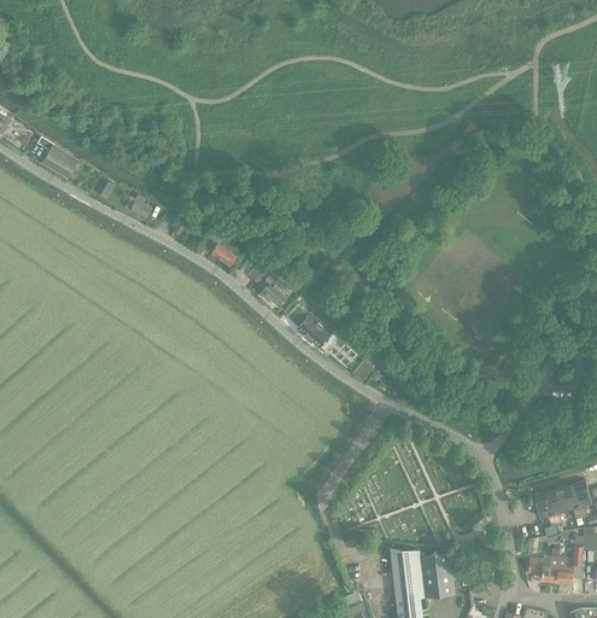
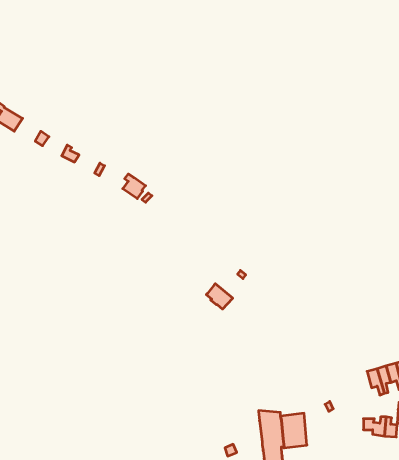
building: [248,262,287,307] -> none
building: [297,314,332,348] -> [206,284,233,309]

